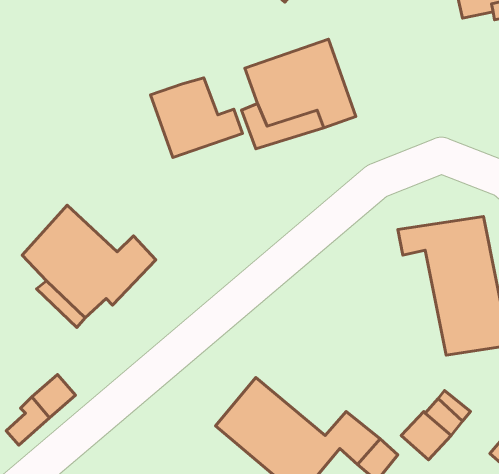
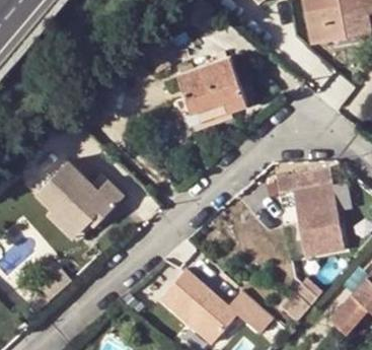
building: [150,78,242,158] -> none

